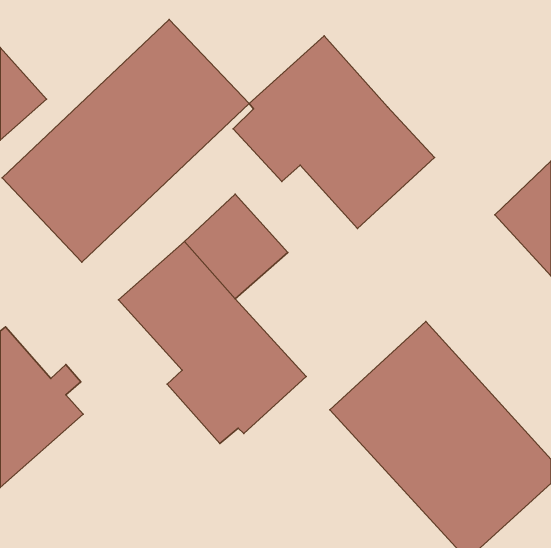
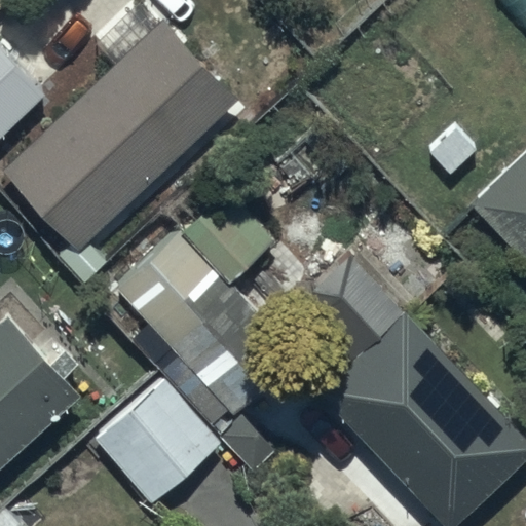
building: [233,36,435,229] -> none
building: none -> [91,379,219,505]

